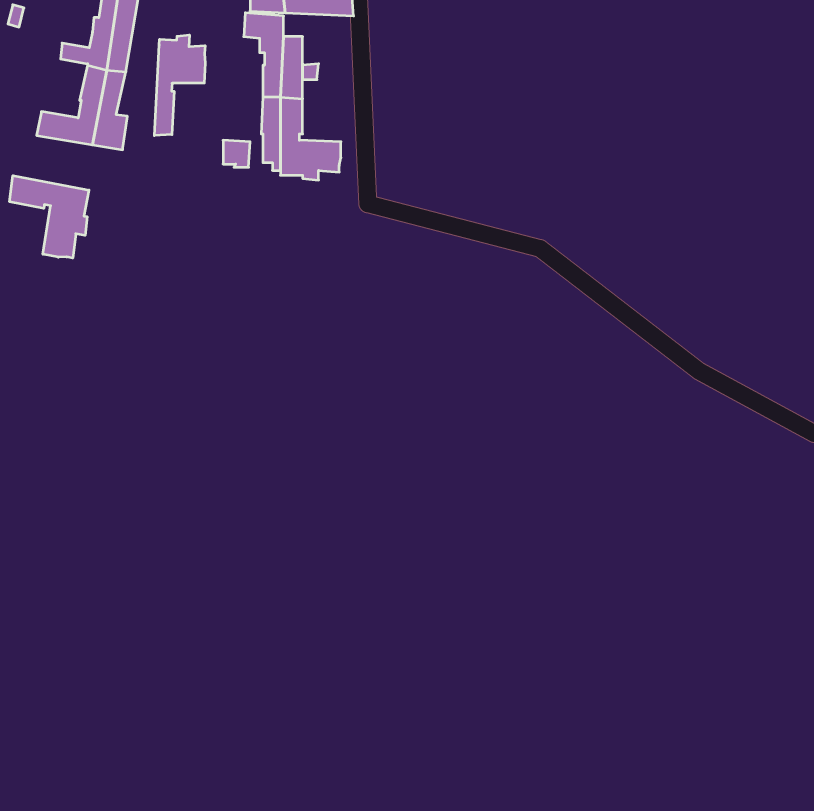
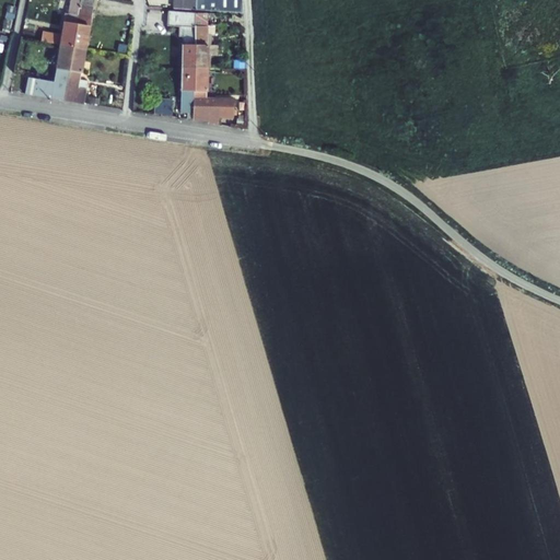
building: [154,35,205,136] -> none
building: [10,176,89,258] -> none

